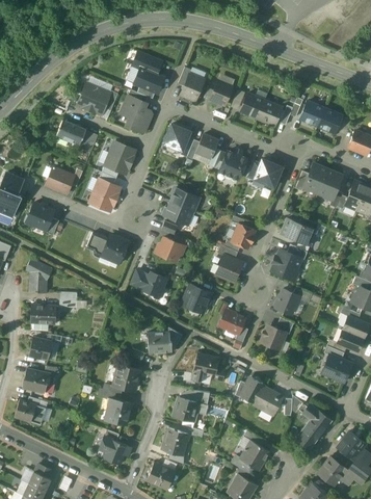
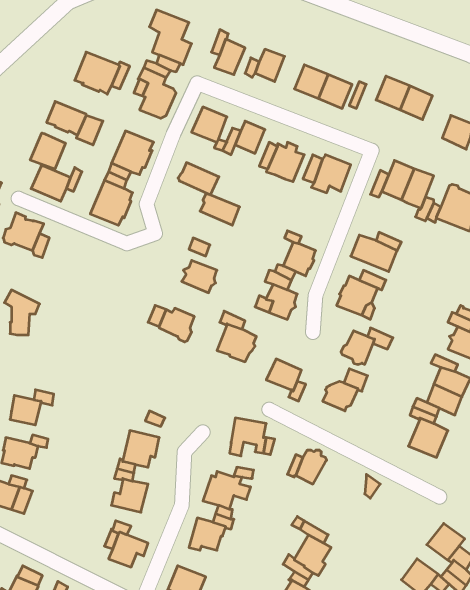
building: none -> [30,133,65,169]
building: [163,201,193,225] -> [178,163,219,195]
building: [86,232,128,263] -> none
building: [29,304,55,323] -> none
building: [147,332,170,352] -> none
building: [253,386,283,415] -> none
building: [296,404,330,448] -> none

